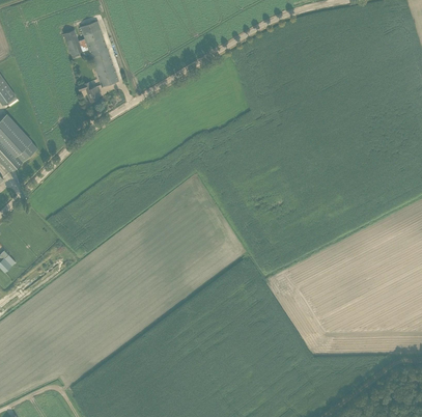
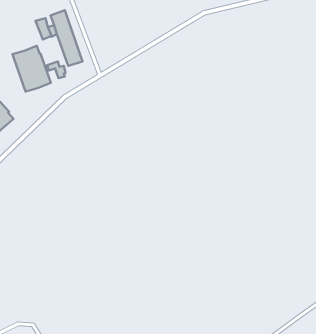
building: none -> [13,46,51,92]

